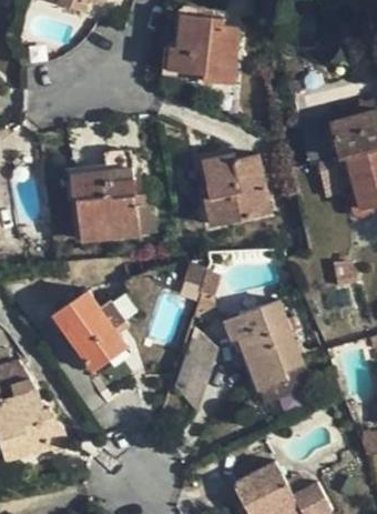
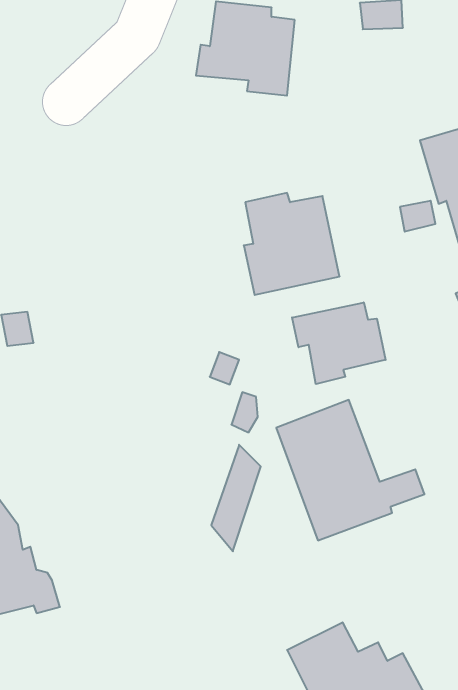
building: [71,168,156,240] -> none
building: none -> [292,302,386,384]
building: [49,291,126,371] -> none

